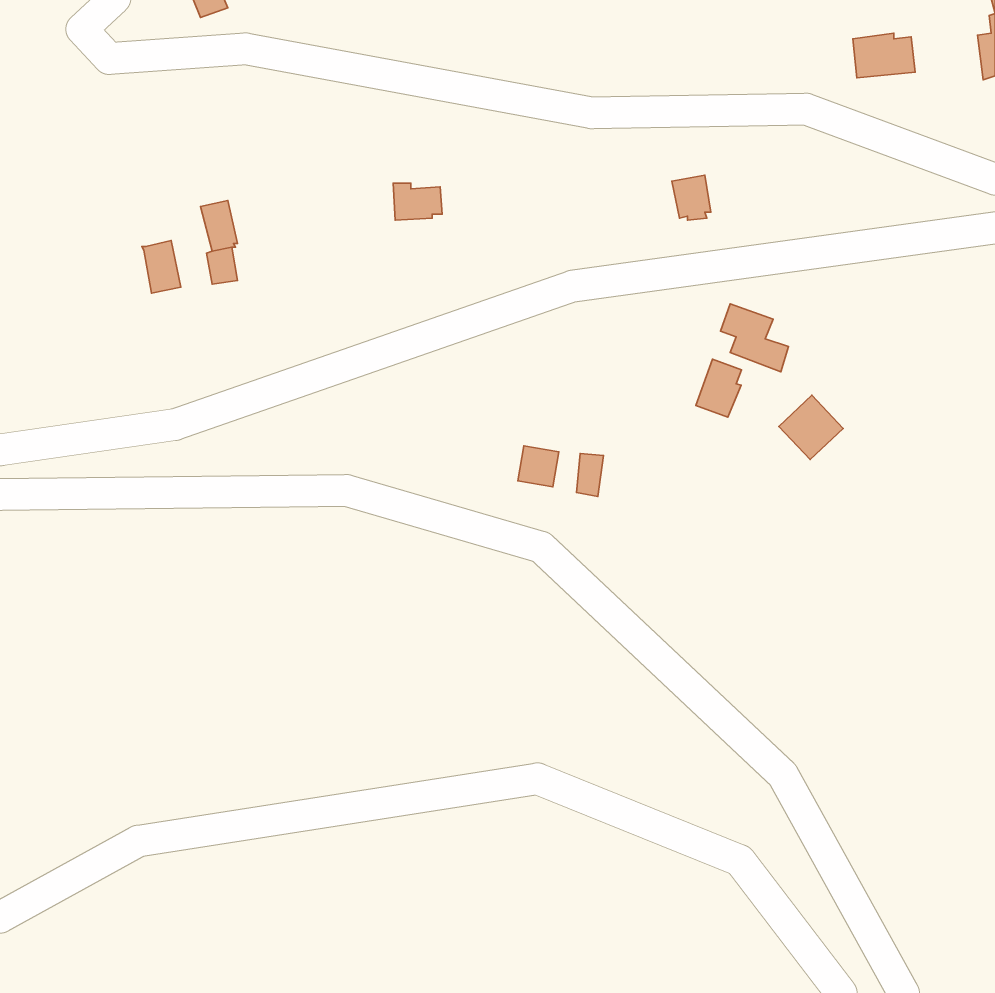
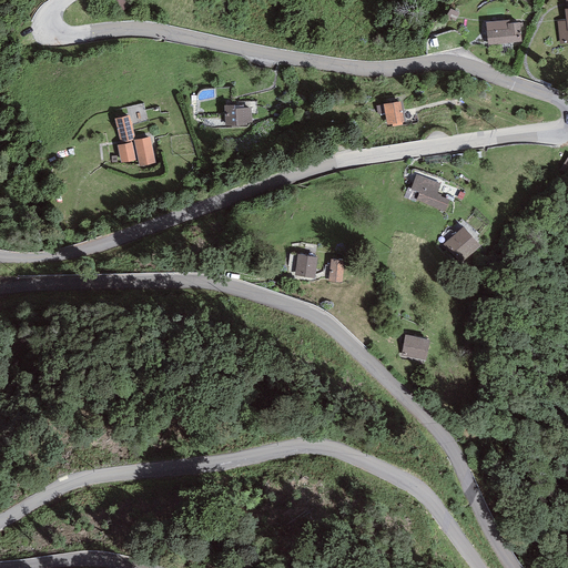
building: [142,241,181,293] -> [133,135,155,165]
building: [696,359,741,417] -> none
building: none -> [400,333,429,361]

